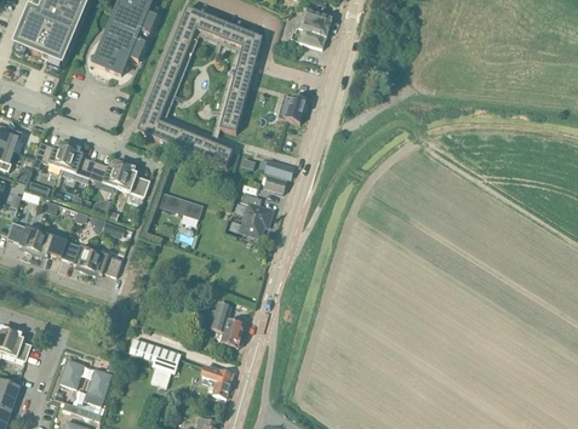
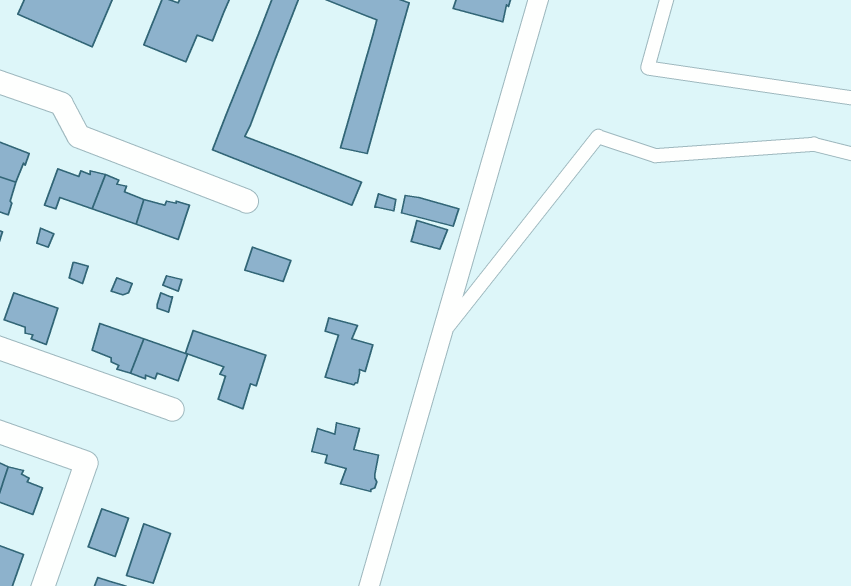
building: [277,92,307,124] -> none
building: [116,165,150,196] -> none
building: [241,193,271,235] -> [325,318,373,385]
building: [33,230,67,257] -> none
building: [130,338,181,388] -> [186,330,266,409]
building: [201,365,233,397] -> none

